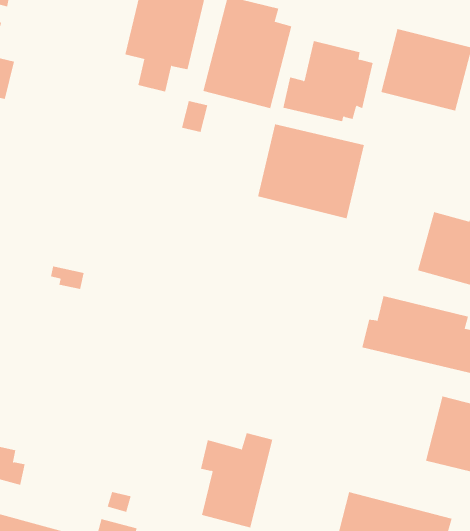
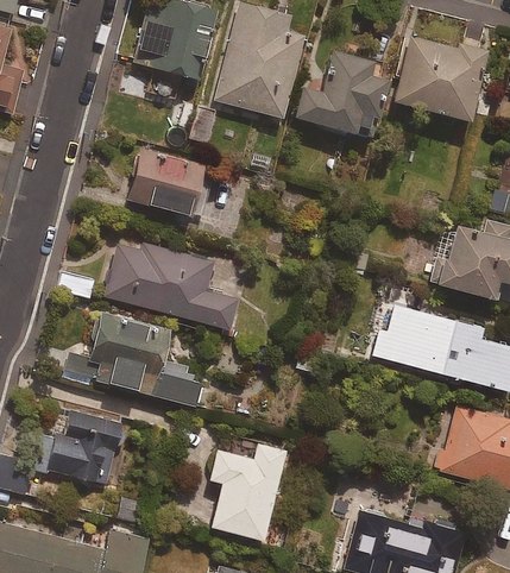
building: [258,123,364,219] -> none
building: none -> [127,149,228,218]
building: none -> [105,238,237,329]
building: none -> [89,314,201,407]
building: none -> [33,413,121,486]

